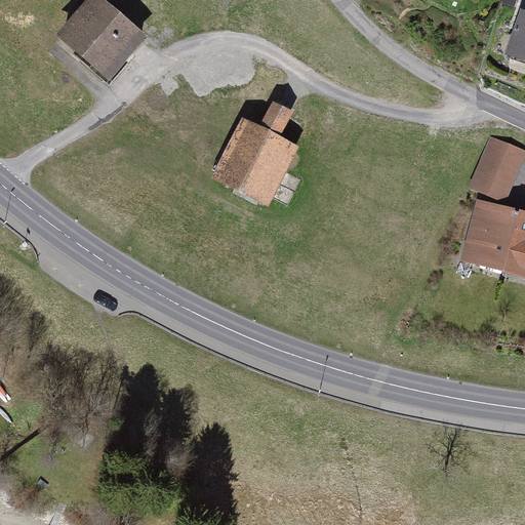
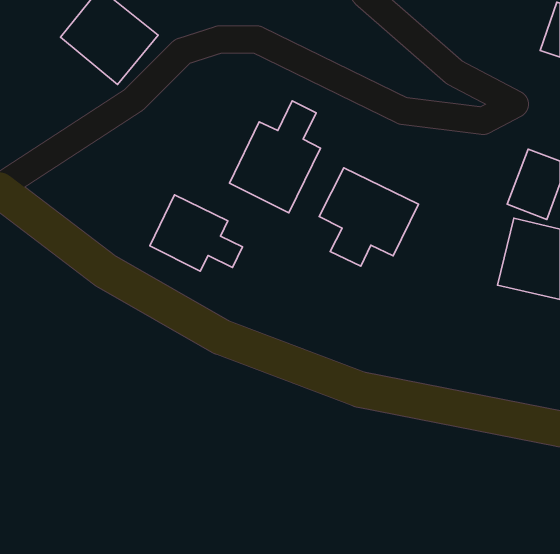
building: none -> [319,168,419,266]
building: none -> [150,195,243,271]

